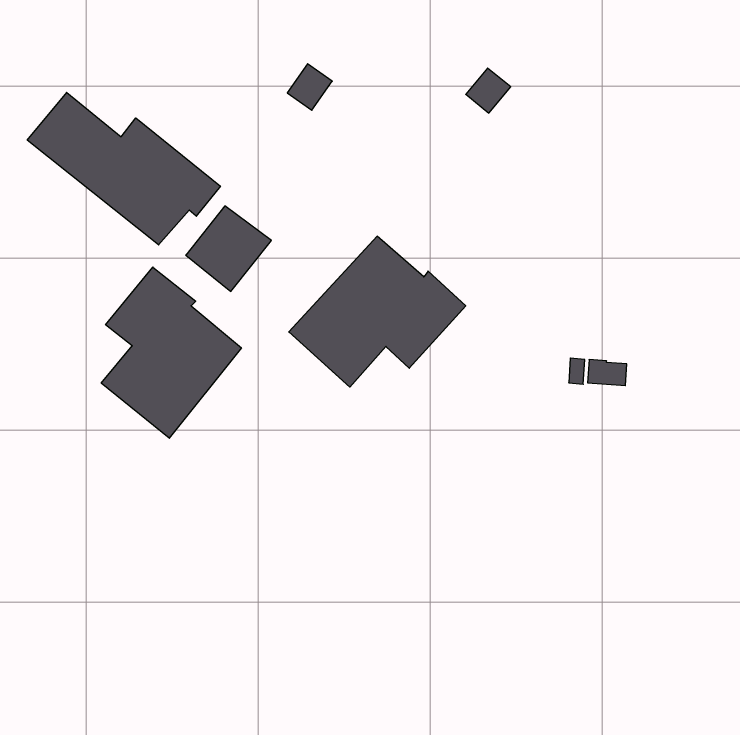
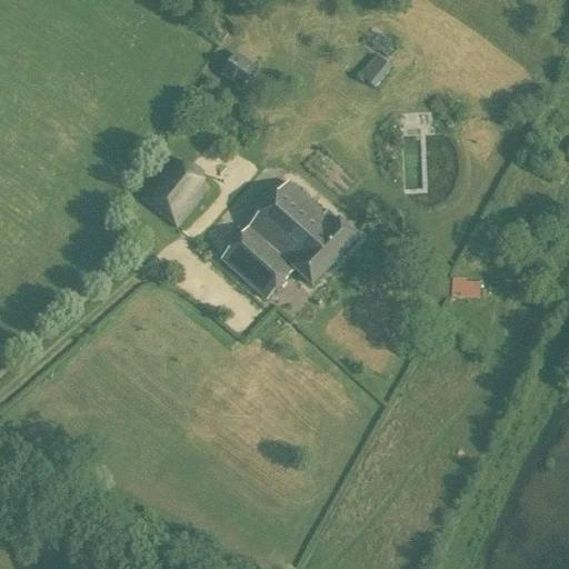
building: [27,92,220,245] -> none
building: [101,267,241,438] -> none

